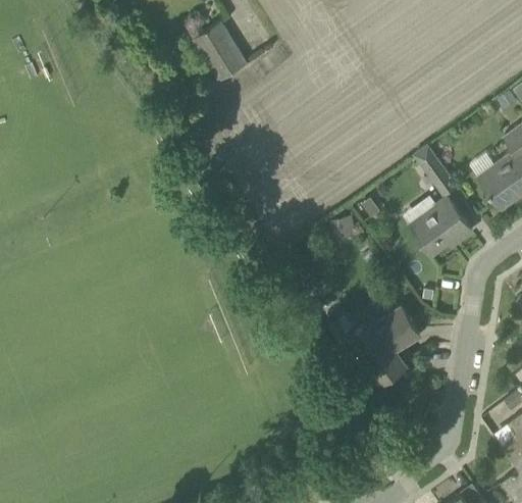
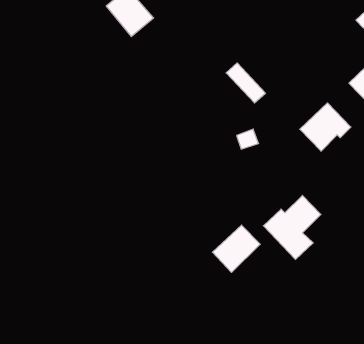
building: [413,145,458,197] -> [226,63,265,103]
building: none -> [212,225,260,272]

